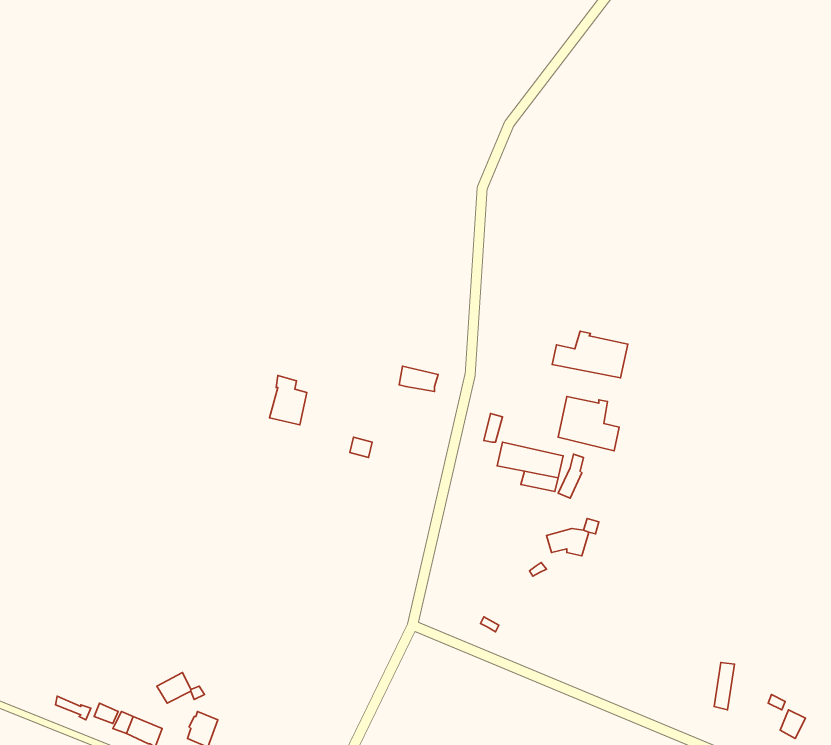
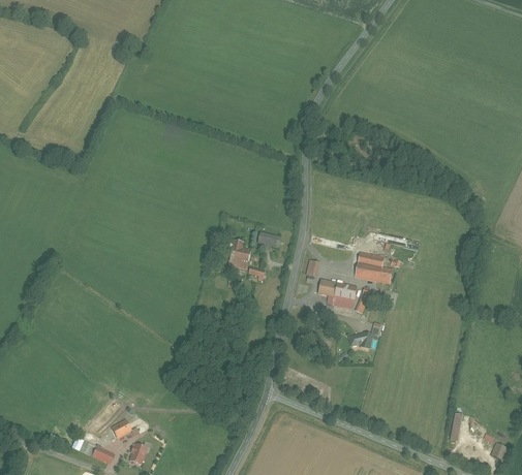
building: [552,331,628,378] -> none
building: [269,376,307,425] -> [227,241,250,271]

